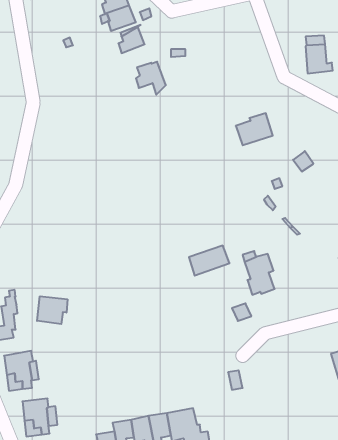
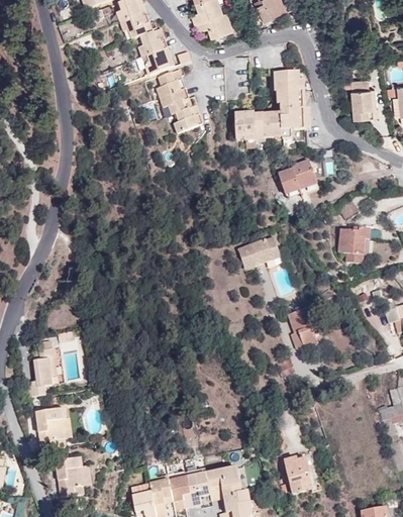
building: none -> [235,72,310,141]
building: none -> [159,88,190,114]
building: none -> [338,227,371,263]
building: [189,246,230,276] -> [238,237,281,269]
building: [37,296,67,324] -> none
building: none -> [284,455,313,493]

